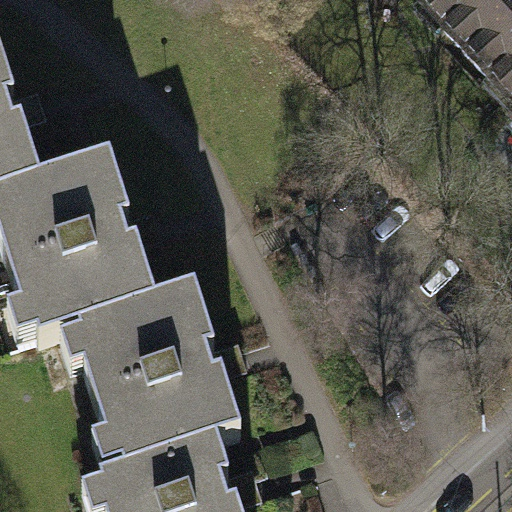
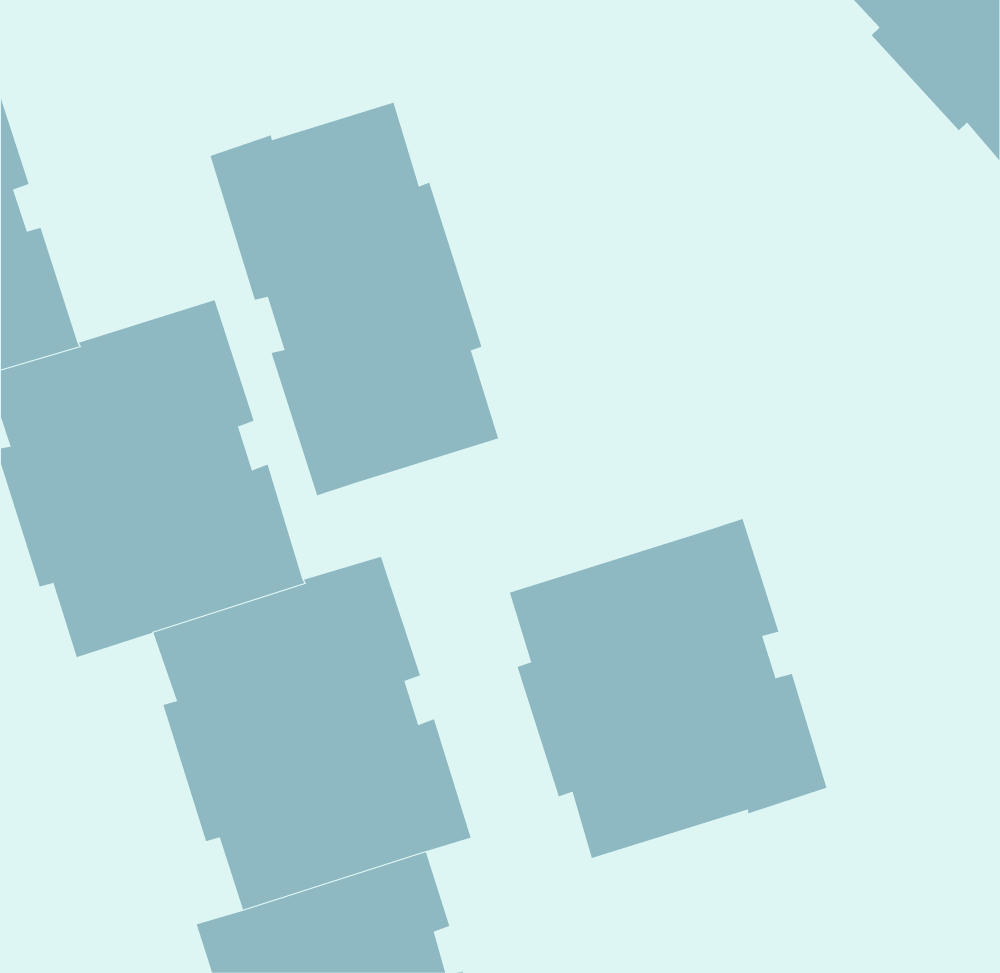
building: none -> [210,102,499,496]
building: none -> [509,518,827,859]

